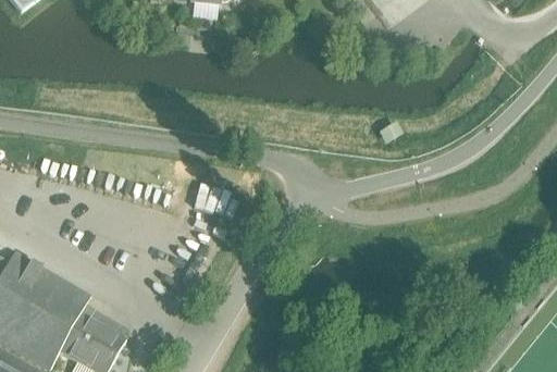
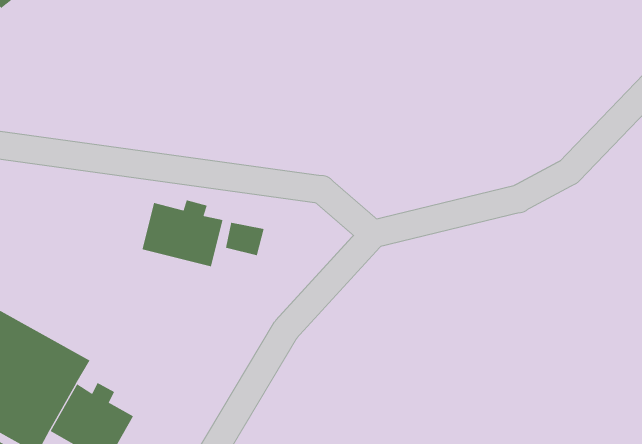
building: none -> [142,199,223,267]

